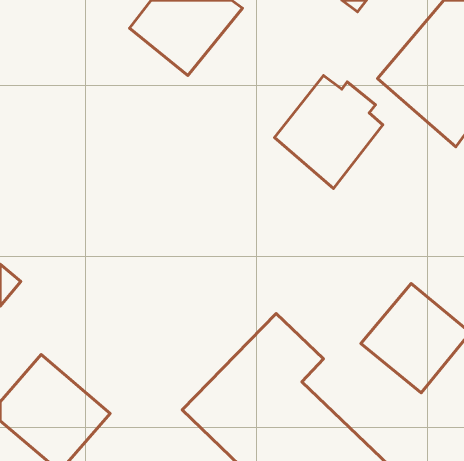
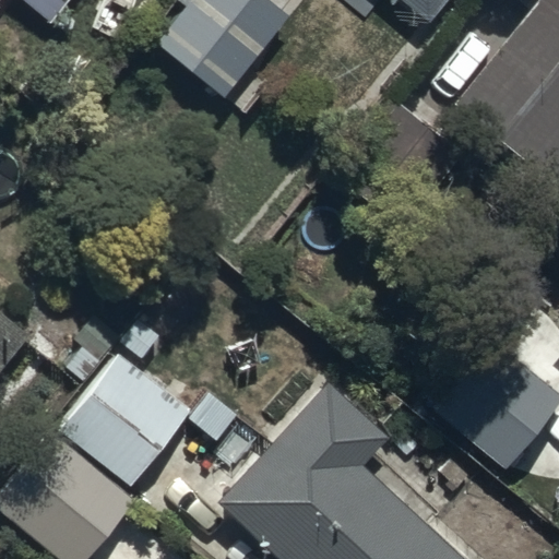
building: none -> [59,319,191,485]

